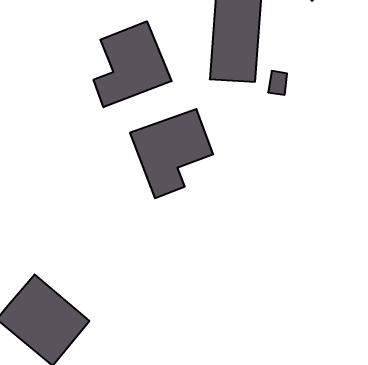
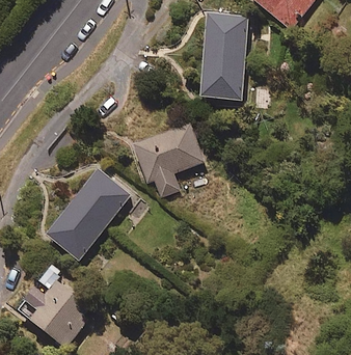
building: [94,21,172,107] -> none
building: none -> [48,168,132,258]

